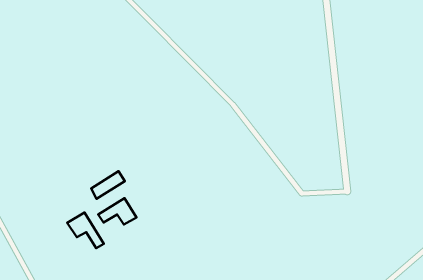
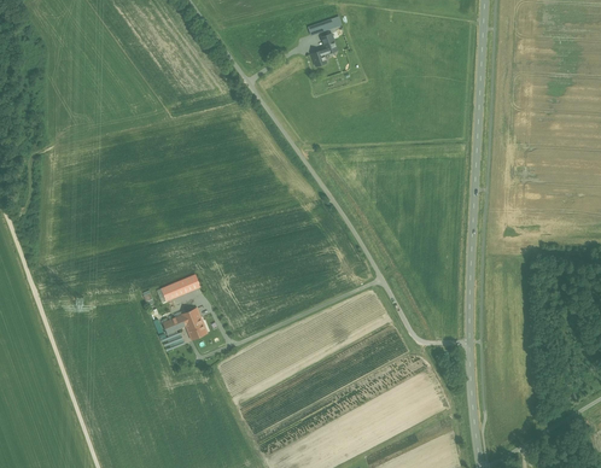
building: [67,212,104,248] -> none

